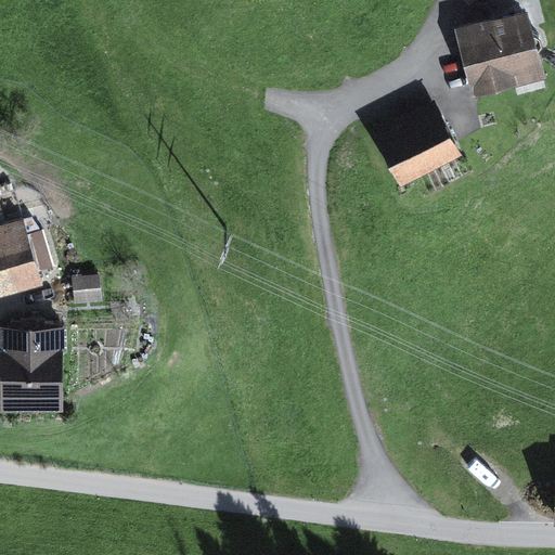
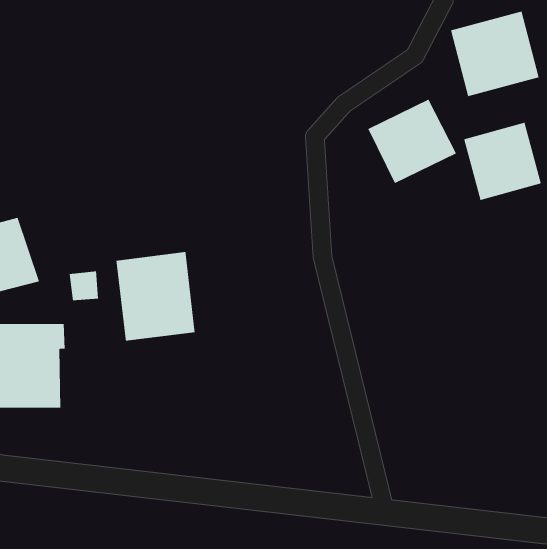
building: none -> [464,122,542,201]
building: none -> [116,251,195,342]

